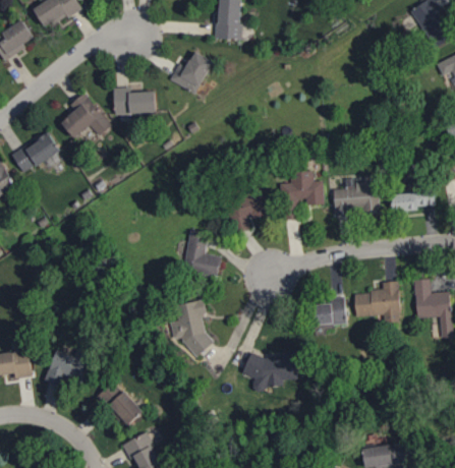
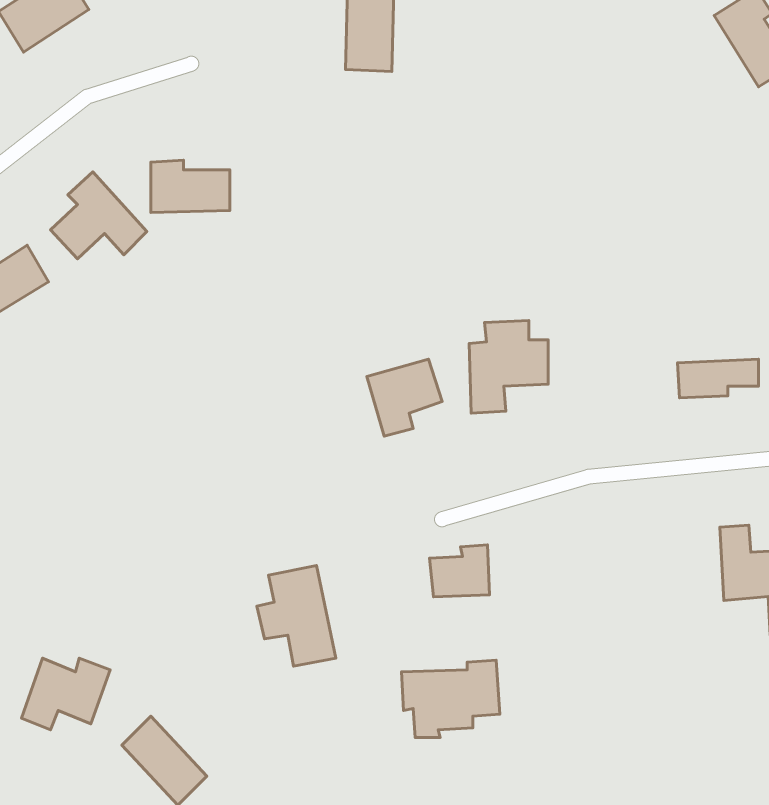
building: [169,51,213,94] -> none
building: [333,175,379,216] -> none
building: [182,230,220,276] -> none
building: [354,281,399,323] -> none
building: [314,297,345,325] -> [430,545,489,597]

